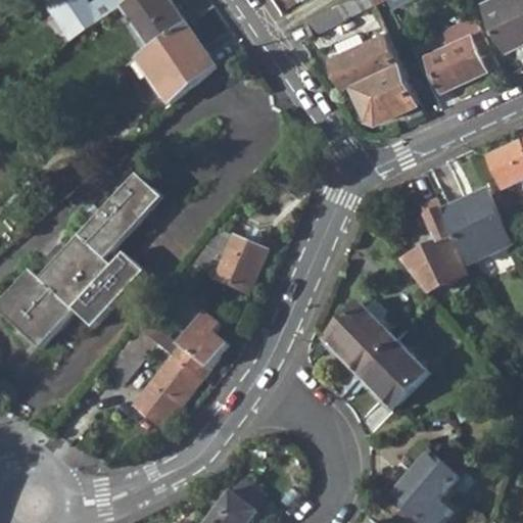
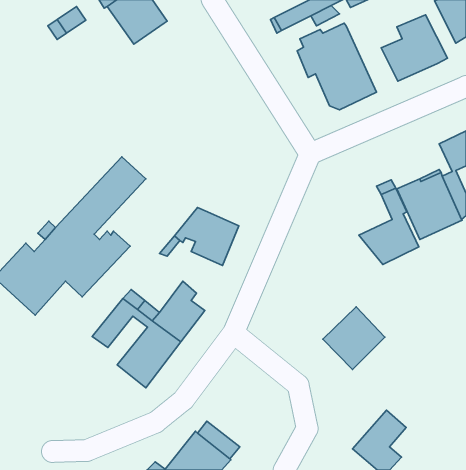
building: [135,26,216,107] -> none
building: [322,304,394,376] -> none

